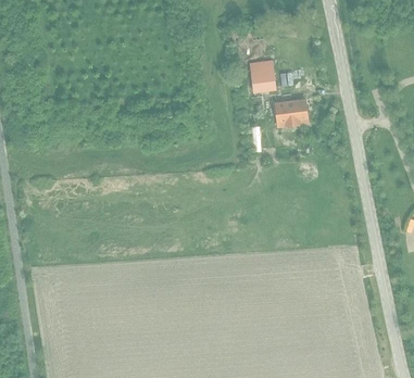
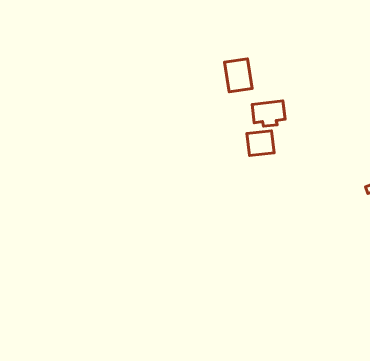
building: none -> [247,131,274,155]

